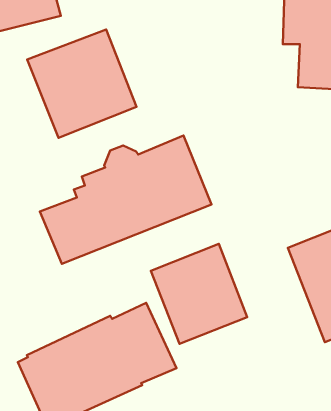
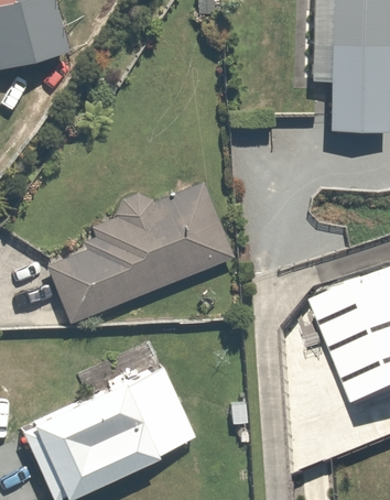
building: [27,29,137,138] -> none
building: [151,244,247,344] -> none

